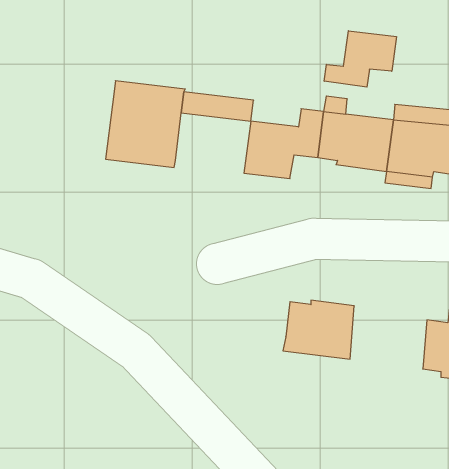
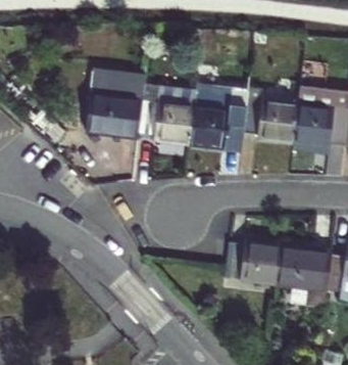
building: [324,31,396,87] -> none
building: none -> [145,101,200,145]
building: none -> [272,242,329,288]

